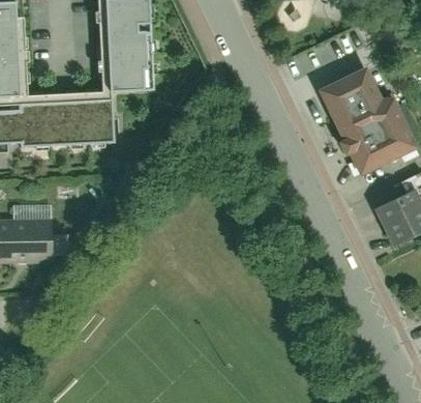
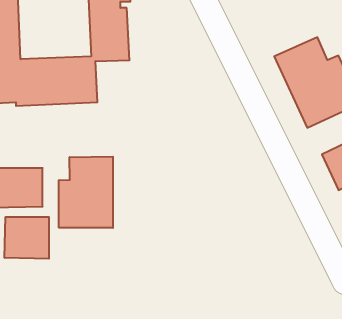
building: none -> [59,157,113,228]
building: none -> [5,217,49,259]

